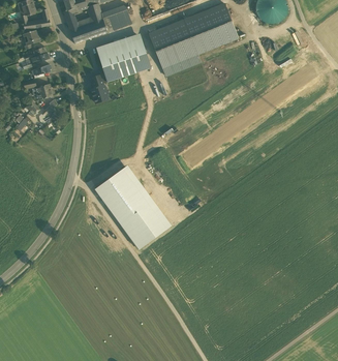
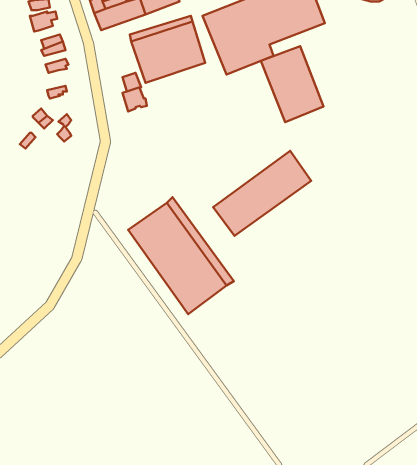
building: none -> [261,46,324,122]
building: none -> [213,151,311,236]

